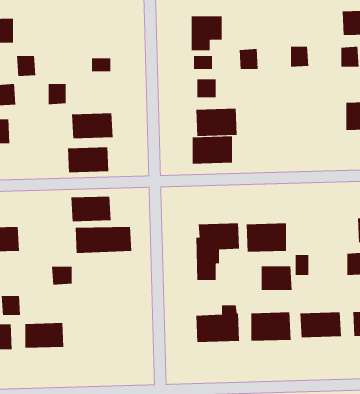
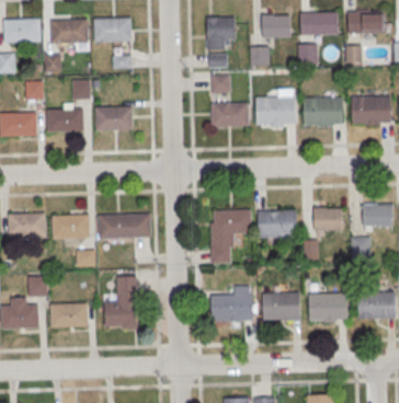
building: none -> [300,12,339,36]
building: none -> [261,15,289,37]
building: none -> [93,18,132,42]
building: none -> [50,19,89,43]
building: none -> [304,99,342,125]
building: [192,136,233,164] -> [256,97,295,124]
building: [67,147,109,173] -> [45,108,84,133]
building: [70,196,111,222] -> [52,215,90,239]
building: [261,266,292,290] -> [314,208,343,231]
building: none -> [104,277,138,327]

